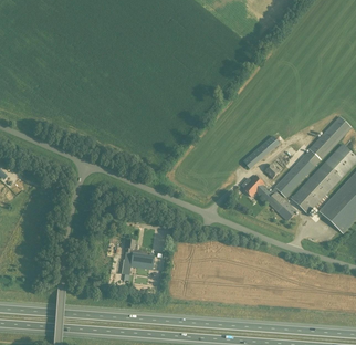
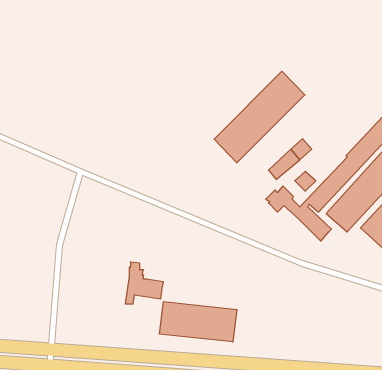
building: none -> [214,71,305,163]
building: none -> [160,302,237,342]

